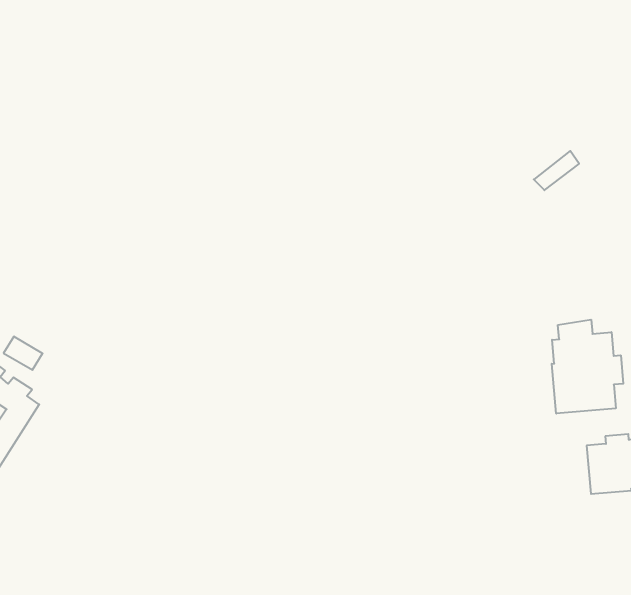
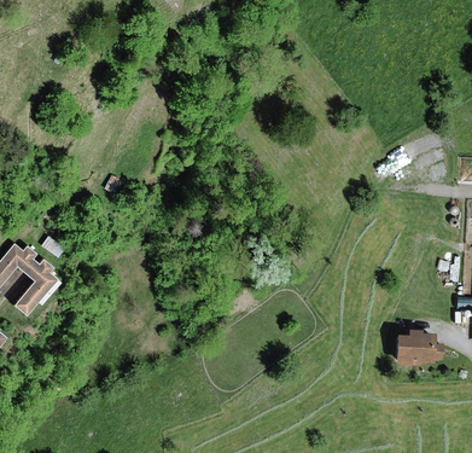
building: [552,320,623,414] -> none

